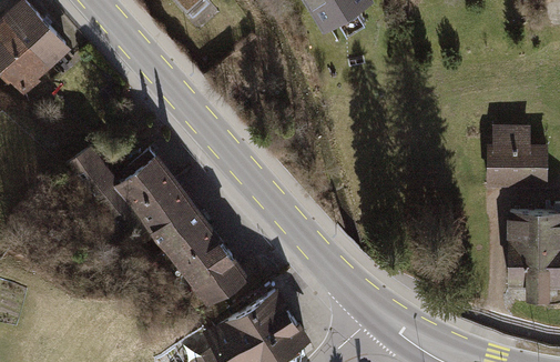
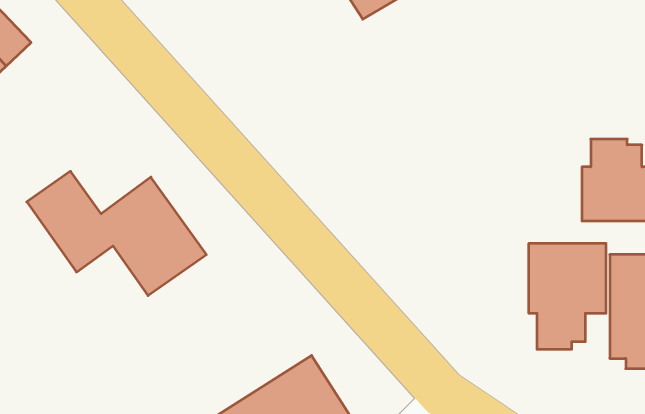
building: none -> [529,243,606,349]
building: [154,205,244,302] -> none

